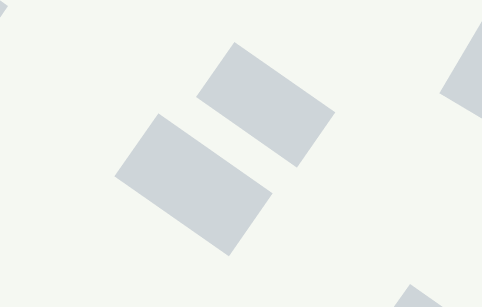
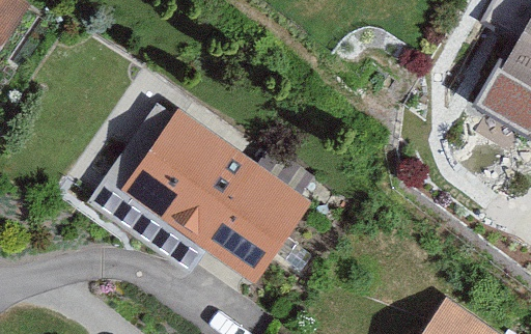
building: [195,41,336,169] -> none

